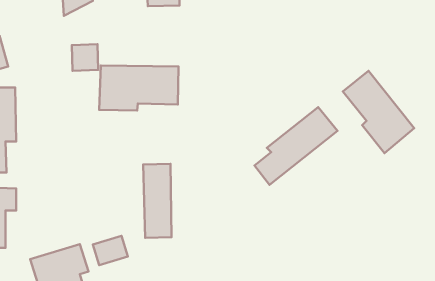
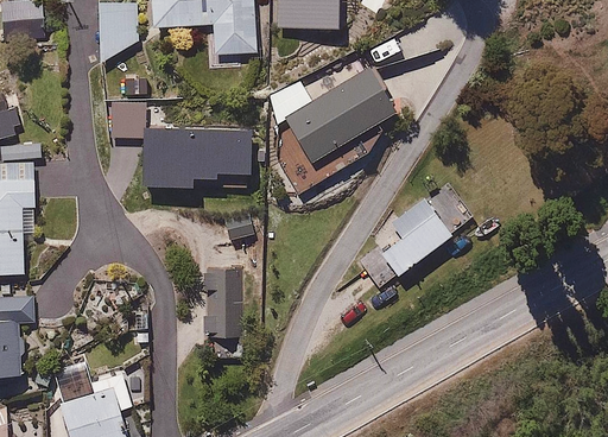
building: none -> [276,65,393,189]
building: [343,71,414,153] -> none
building: [93,236,128,265] -> none

